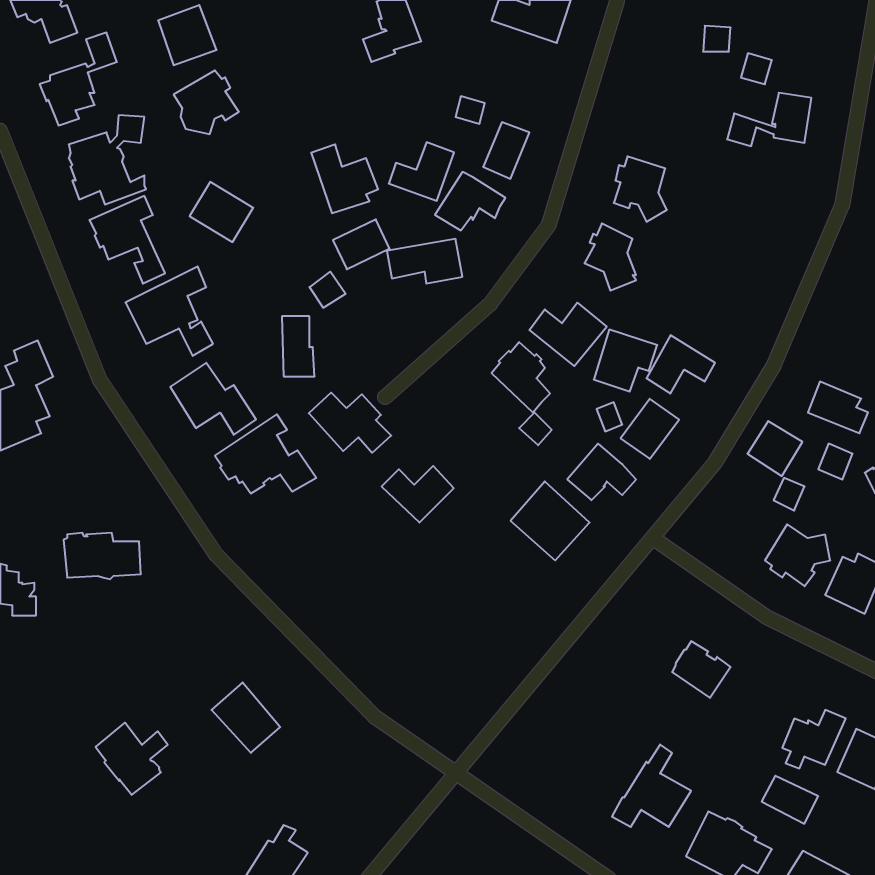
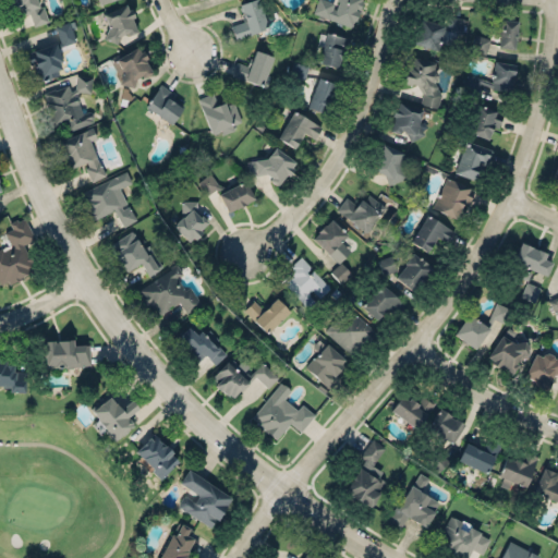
building: none -> [499,17,519,48]
building: none -> [415,19,447,51]
building: none -> [319,32,354,69]
building: none -> [402,59,442,109]
building: [389,142,454,201] -> [233,50,275,87]
building: none -> [469,105,505,140]
building: [190,182,253,242] -> [147,87,187,125]
building: none -> [453,141,495,182]
building: [333,219,390,269] -> [220,182,256,214]
building: [594,330,657,392] -> [435,180,475,219]
building: [309,393,391,453] -> [175,328,228,366]
building: none -> [281,259,331,310]
building: [747,421,802,476] -> [456,316,490,351]
building: none -> [304,343,347,391]
building: none -> [211,361,279,401]
building: none -> [252,383,315,440]
building: none -> [392,396,436,430]
building: none -> [345,439,388,508]
building: [96,723,168,795] -> [93,395,138,440]
building: none -> [179,471,233,530]
building: [762,776,818,824] -> [459,444,495,474]

